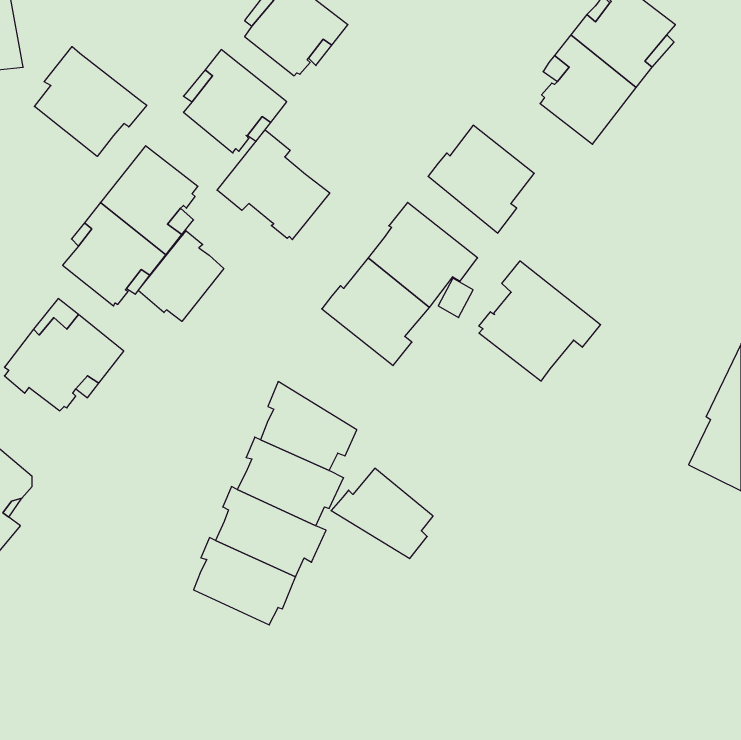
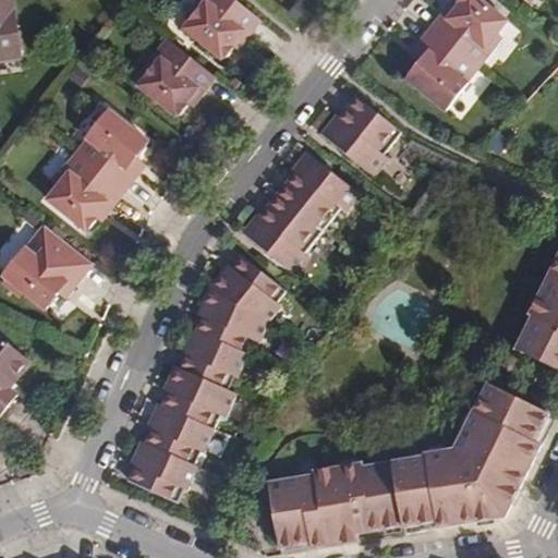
building: [34,47,147,156] -> none
building: [217,130,330,240] -> none
building: [138,231,224,321] -> none
building: [479,261,601,381] -> none
building: [331,468,433,559] -> [208,254,284,322]
building: none -> [265,383,548,548]
building: none -> [128,439,205,506]

